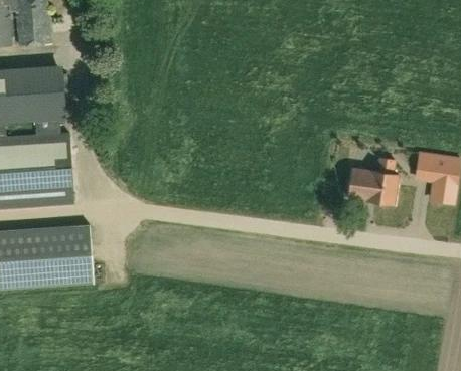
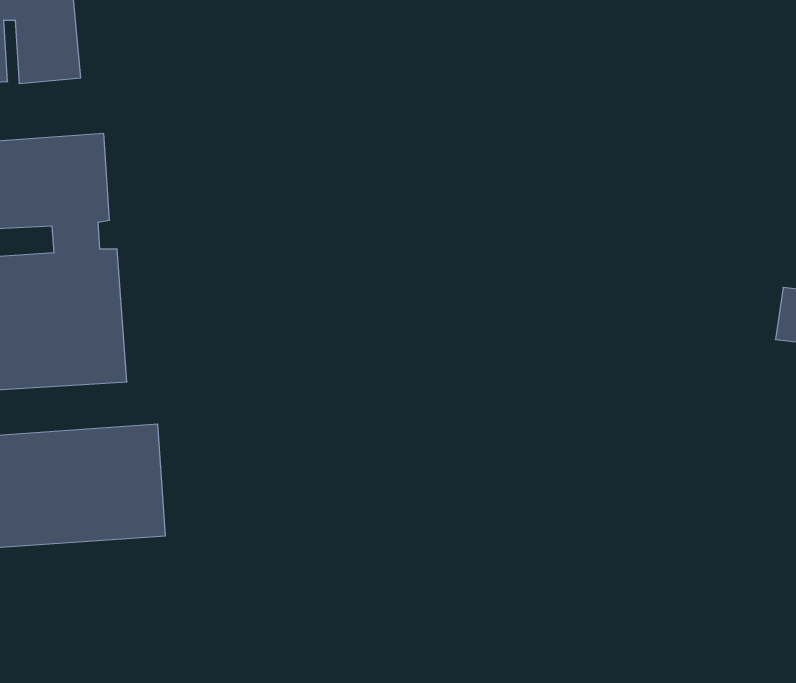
building: [347,158,398,204] -> none

